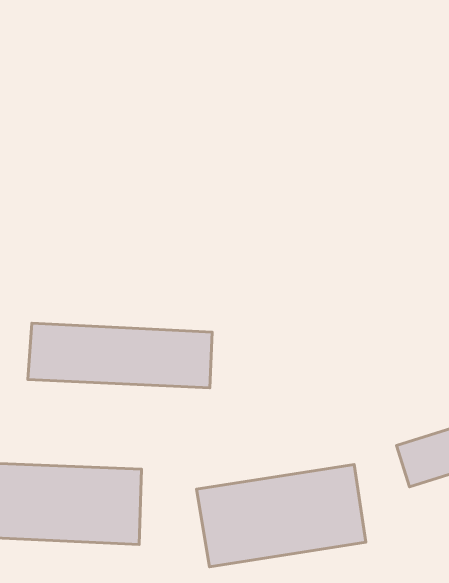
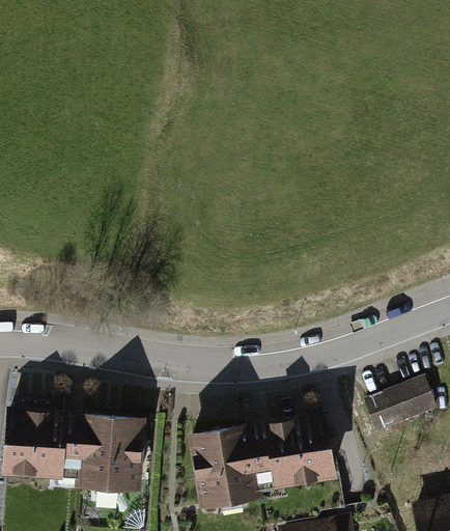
building: [28,323,212,388] -> none

